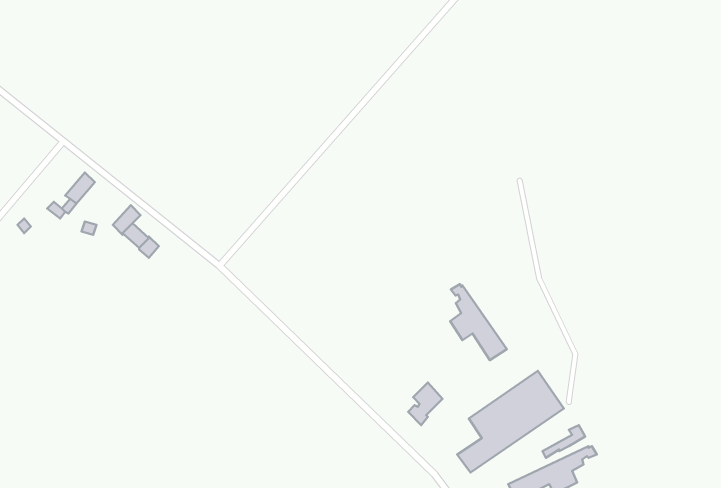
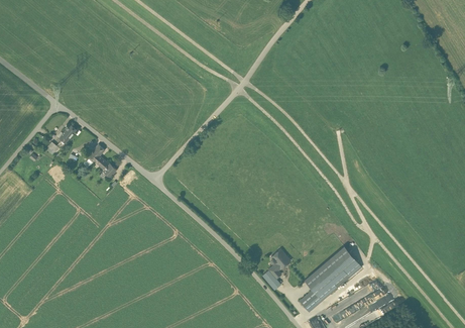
building: [450,284,507,360] -> none

